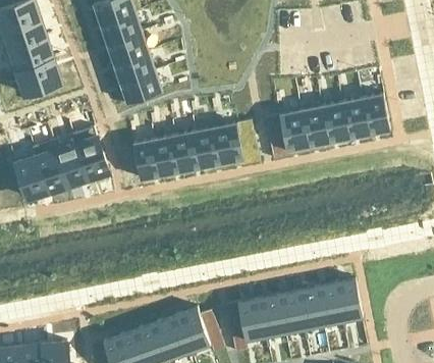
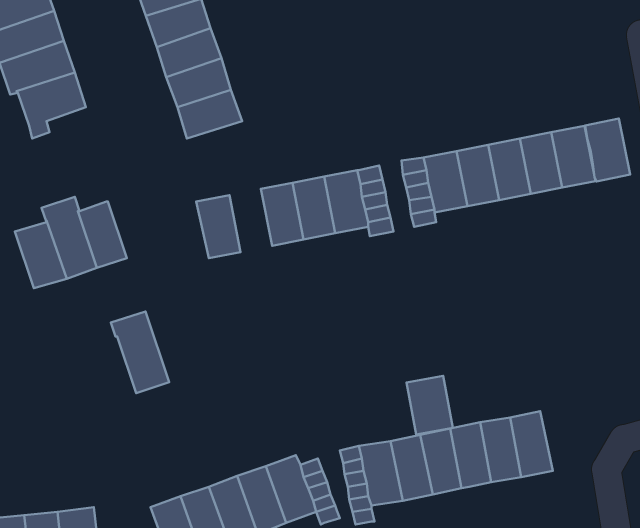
building: none -> [585,118,630,181]
building: [71,127,109,180] -> [111,311,169,393]
building: [154,136,181,176] -> none
building: none -> [406,376,453,435]

